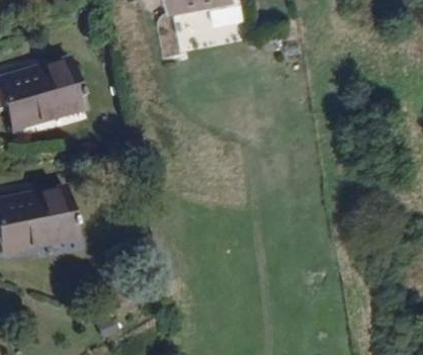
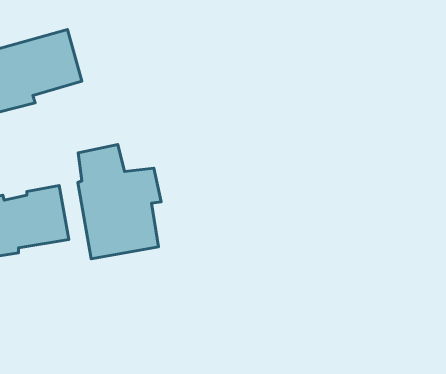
building: none -> [78,144,161,259]

